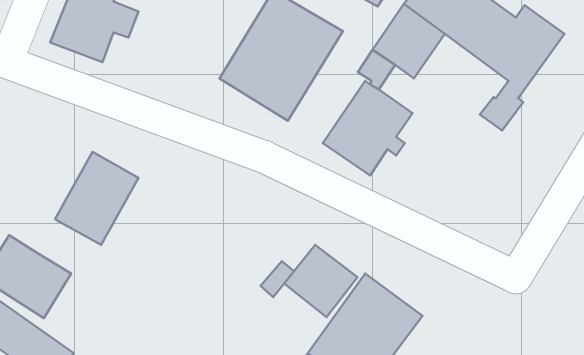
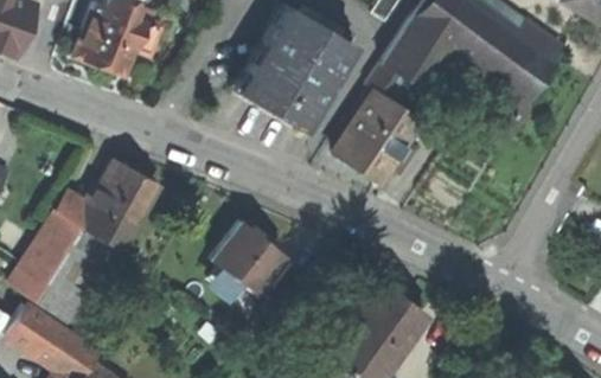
building: none -> [36,209,81,256]
building: [284,245,358,317] -> [211,222,281,290]

